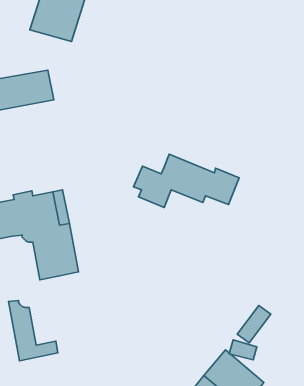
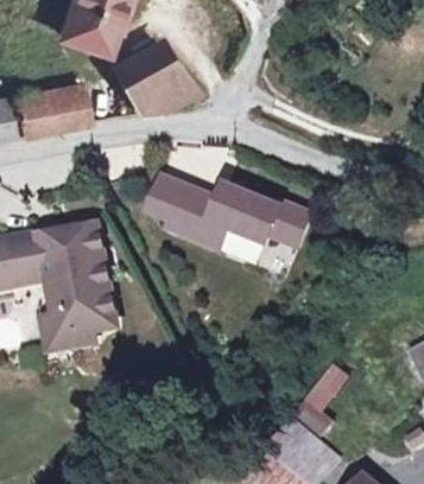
building: none -> [120,42,196,113]
building: none -> [152,178,222,225]
building: [8,301,58,361] -> [39,284,99,356]

